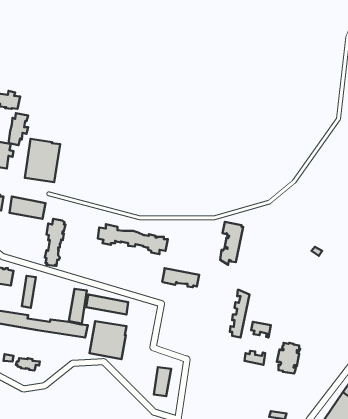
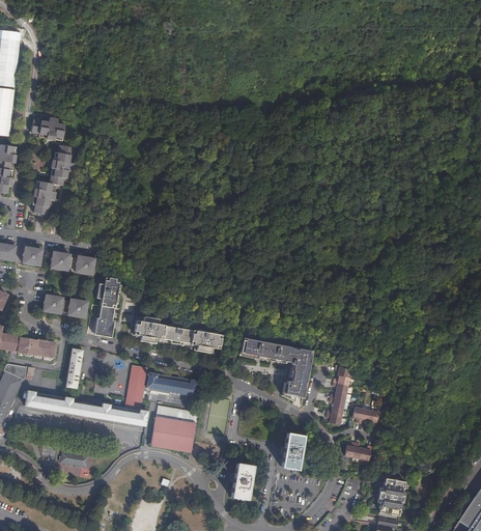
building: [25,139,60,182] -> none
building: [220,222,243,265] -> [282,347,311,401]
building: [98,224,168,254] -> [133,316,221,354]
building: none -> [43,294,87,318]
building: [277,343,300,373] -> [377,478,406,516]
building: none -> [281,434,304,471]

